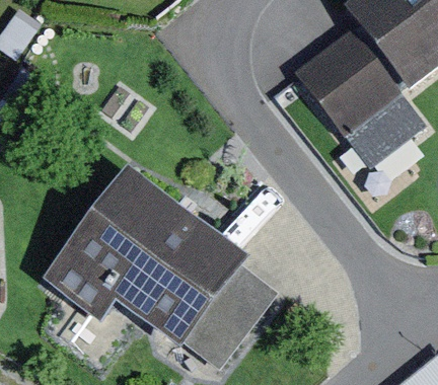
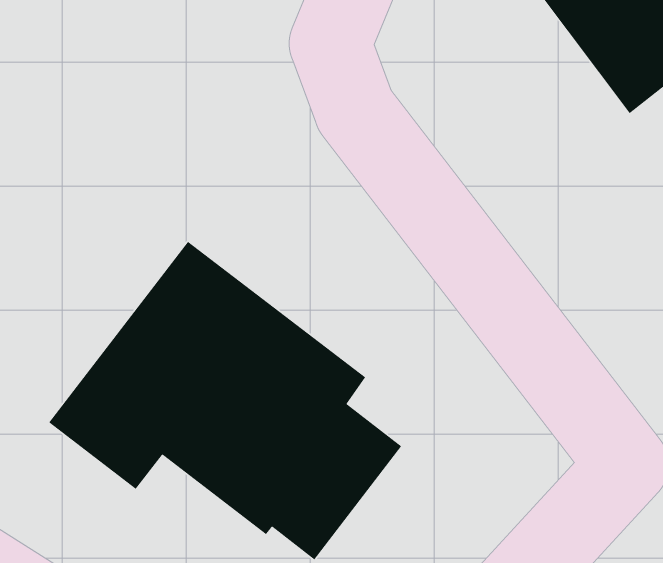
building: [301,23,427,159] -> none

